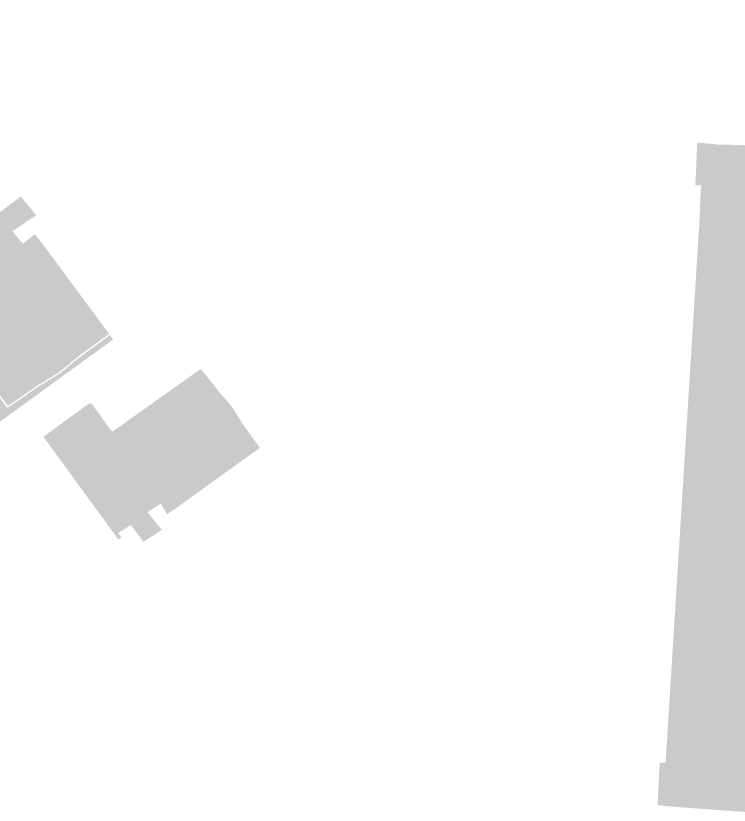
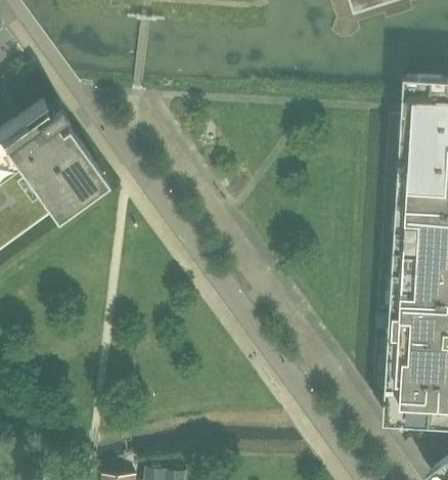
building: [43,368,261,543] -> none

